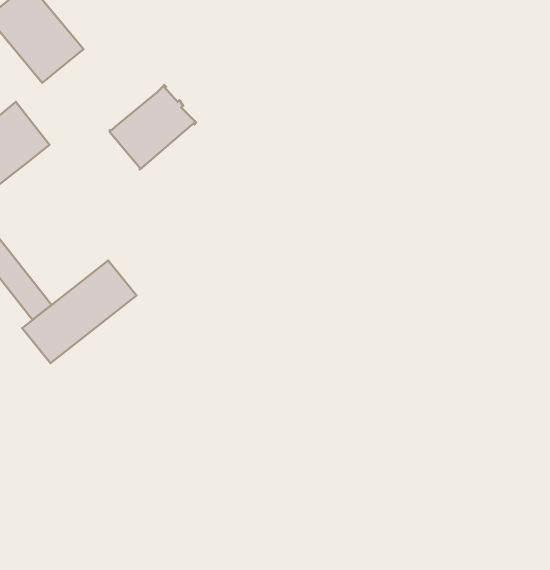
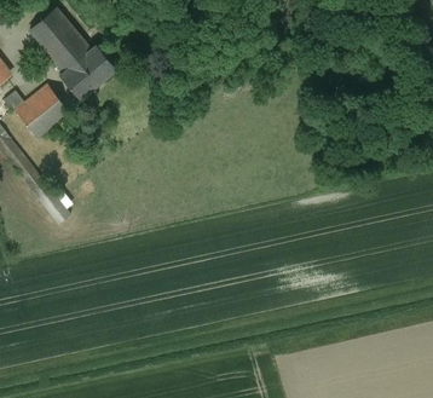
building: [110,85,196,170] -> [60,45,116,99]
building: [22,260,136,363] -> none

